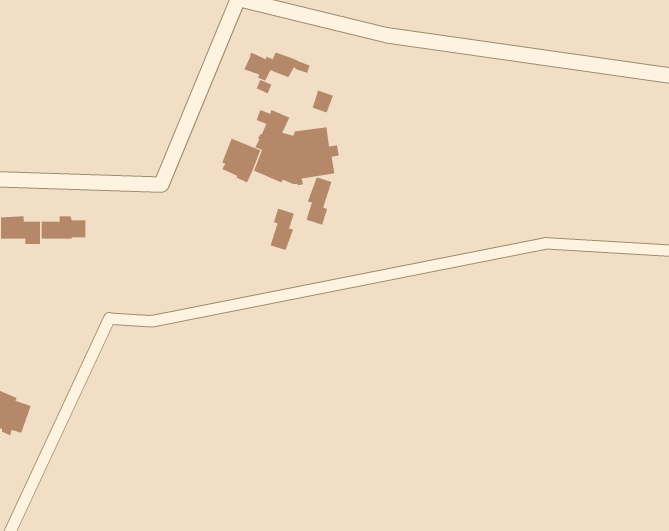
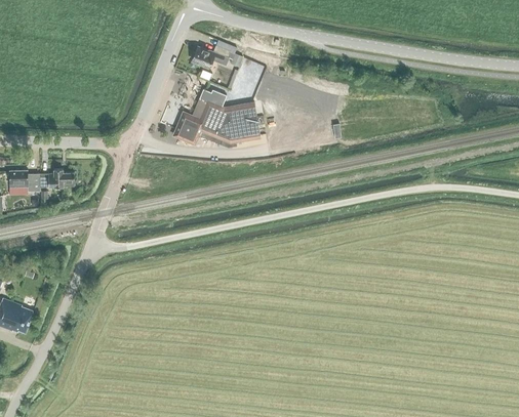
building: [306,177,332,225] -> none
building: [270,208,294,251] -> none

